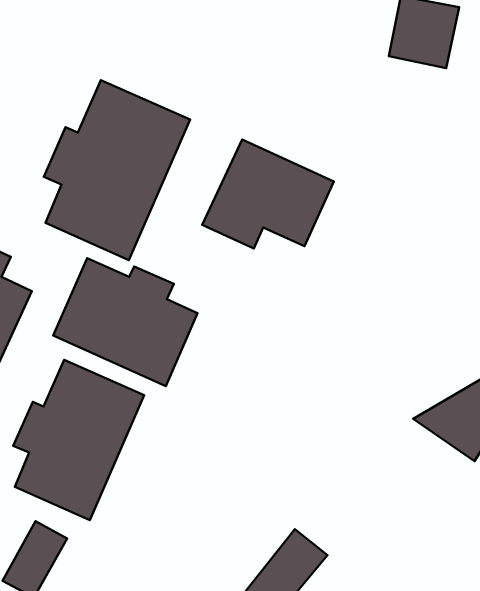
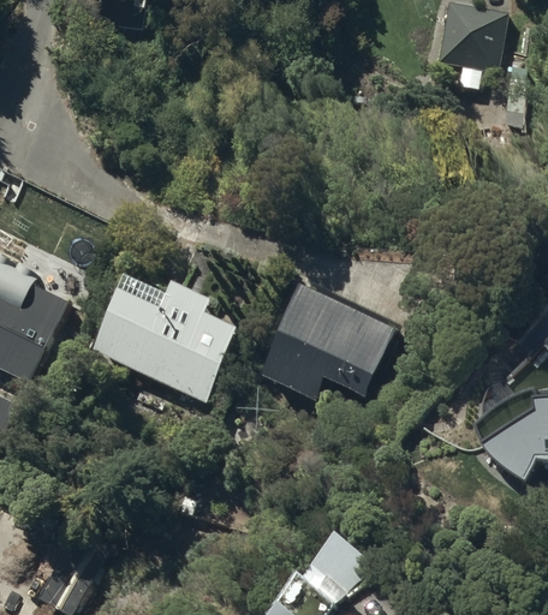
building: [44,80,190,260] -> none
building: [202,139,334,248] -> [262,285,397,396]
building: [13,360,144,520] -> none

